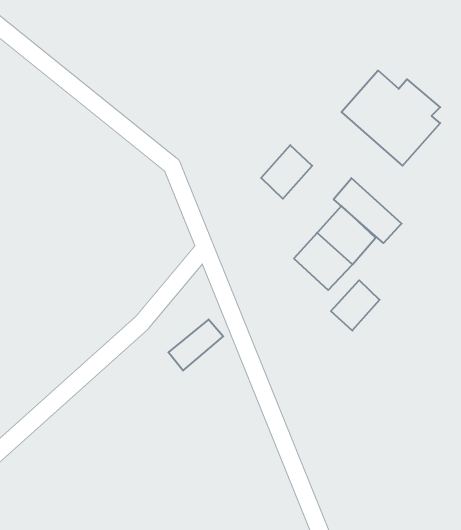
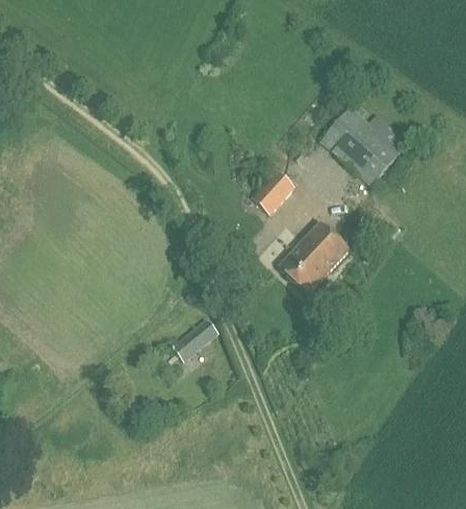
building: [334,178,402,243] -> none
building: [331,280,380,331] -> none

